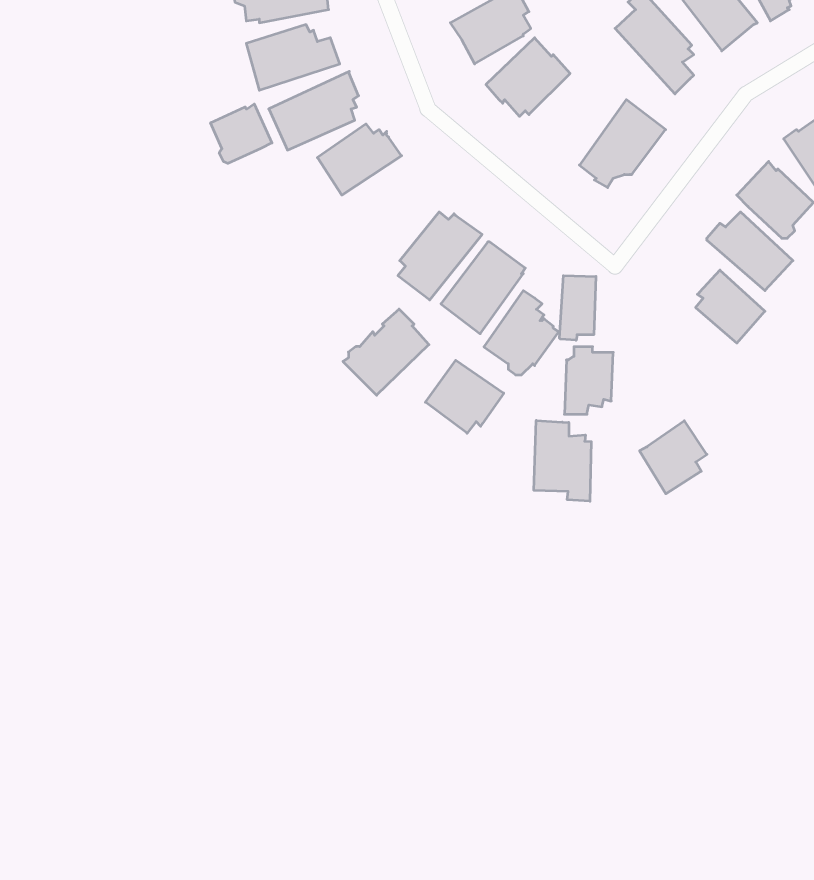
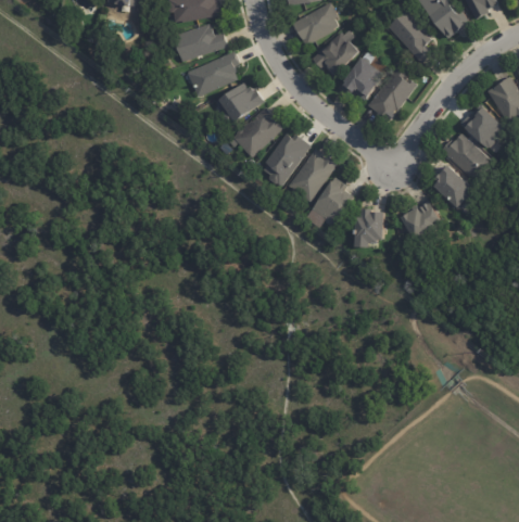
building: none -> [341,59,382,100]
building: [211,104,272,163] -> none
building: [559,276,596,340] -> none
building: [343,309,429,395] -> [231,107,281,157]
building: [425,360,504,433] -> none
building: [534,420,591,501] -> none
building: [640,421,707,494] -> [403,201,442,243]

